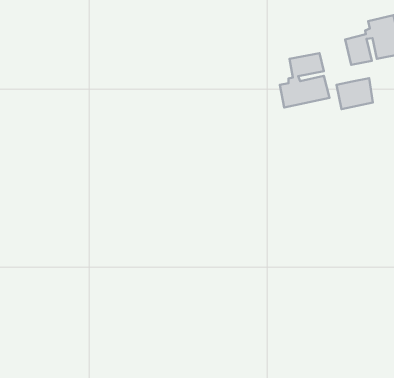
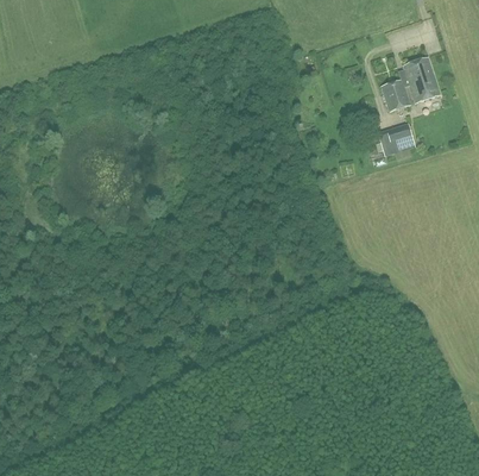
building: [280,53,329,108] -> none

